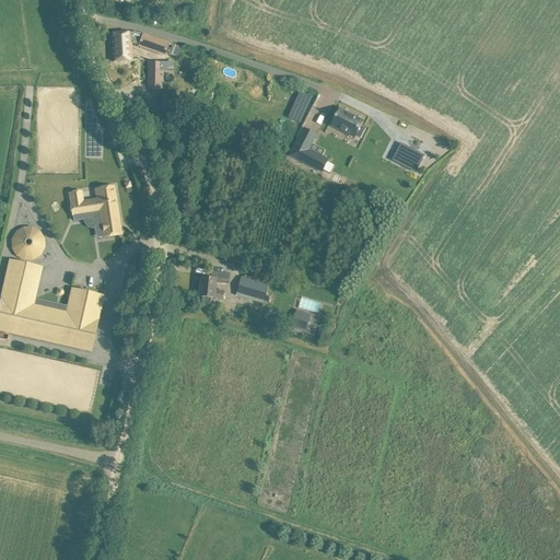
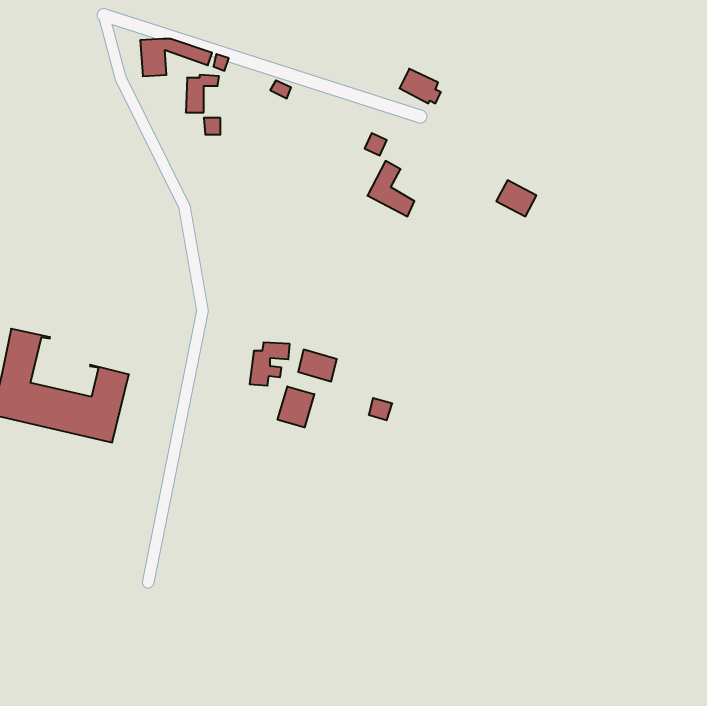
building: [331,108,364,136] -> [399,69,441,103]
building: [68,184,121,235] -> none
building: [7,222,46,260] -> none
building: none -> [278,386,314,427]

